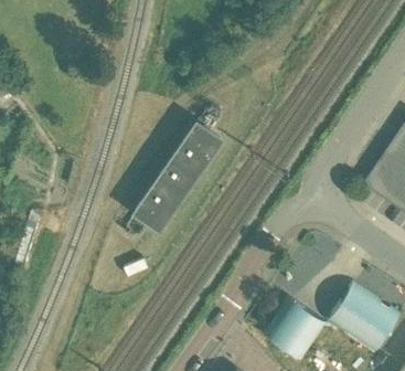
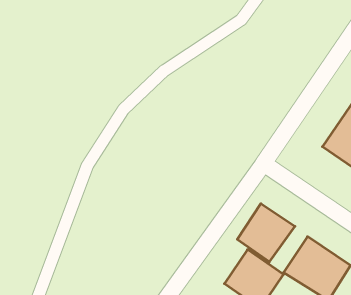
building: [132,123,220,232] -> none
building: none -> [237,204,295,262]

